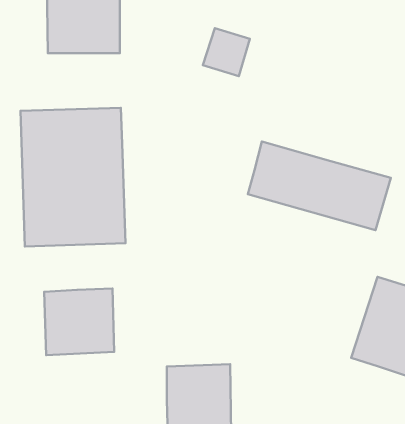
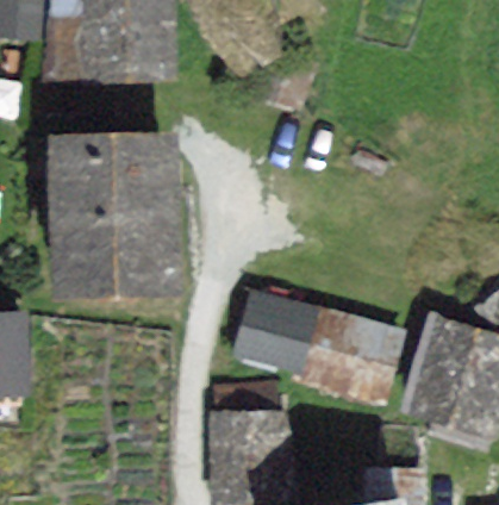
building: [248,142,391,230] -> [233,294,389,391]
building: [44,289,114,355] -> none

